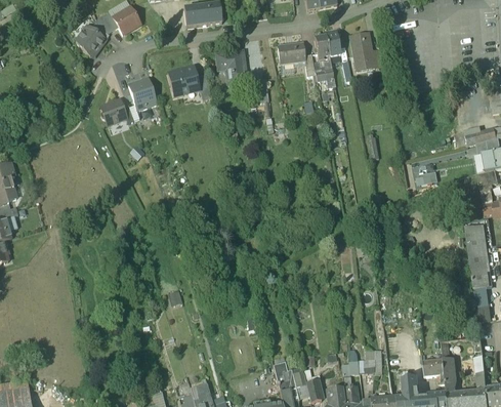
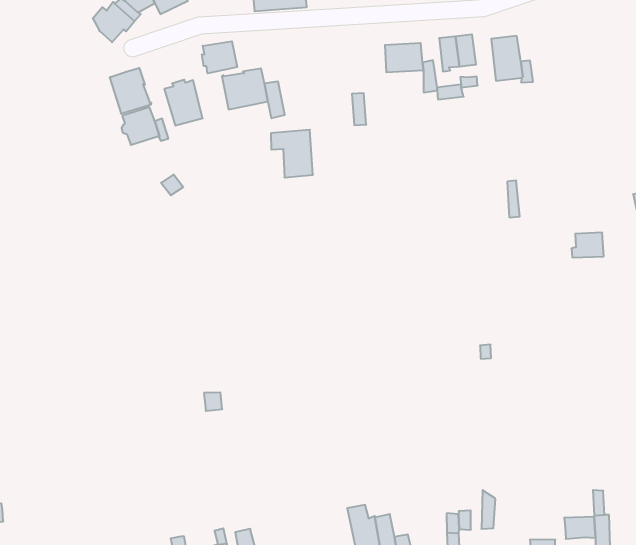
building: none -> [202,41,237,73]
building: [216,49,247,83] -> [271,130,313,177]
building: none -> [110,68,151,114]

